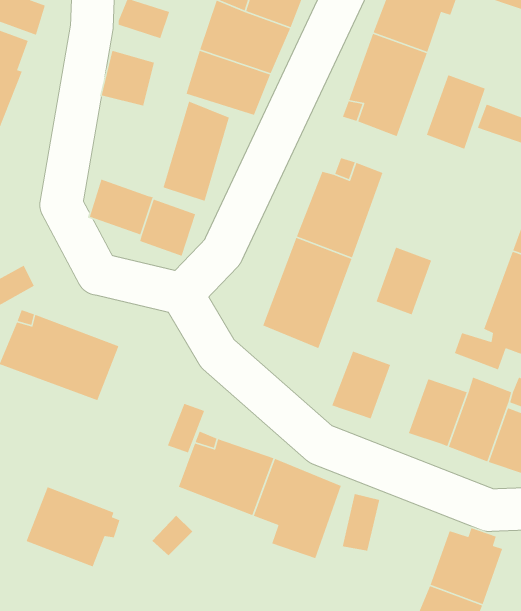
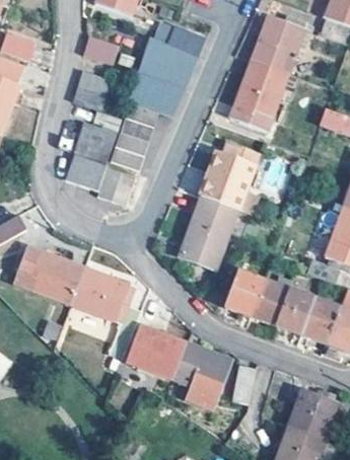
building: [426,74,486,150] -> none
building: none -> [72,119,117,167]
building: [375,247,432,316] -> [251,279,288,324]
building: [26,486,121,567] -> [70,266,133,320]

